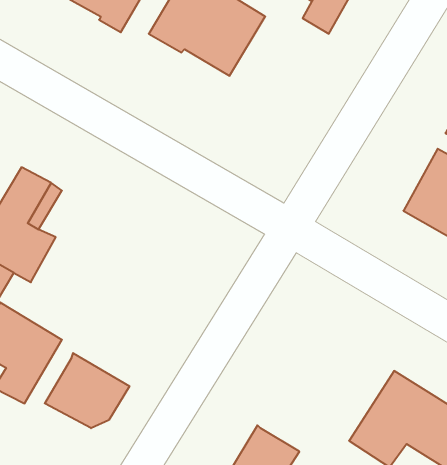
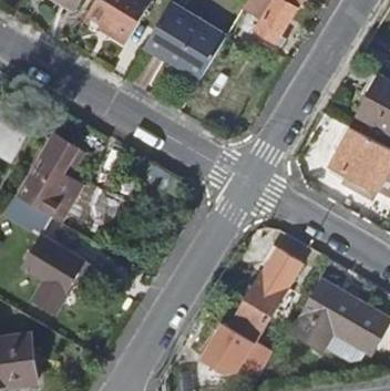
building: none -> [225,257,306,344]
building: [45,353,129,428] -> none

